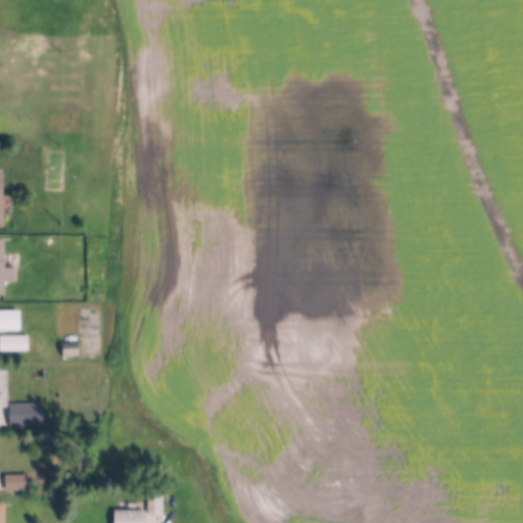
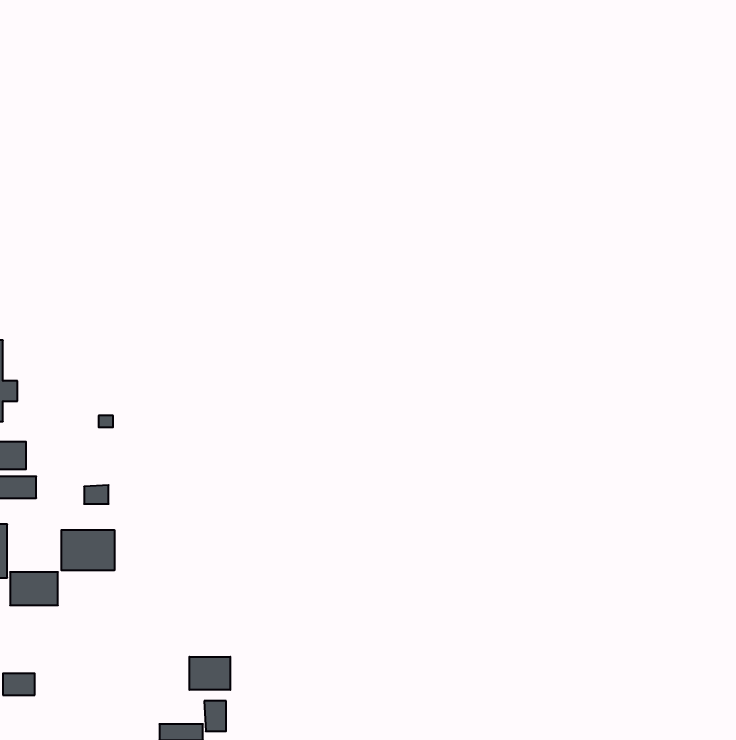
building: none -> [61,530,114,570]
building: none -> [189,657,230,690]

